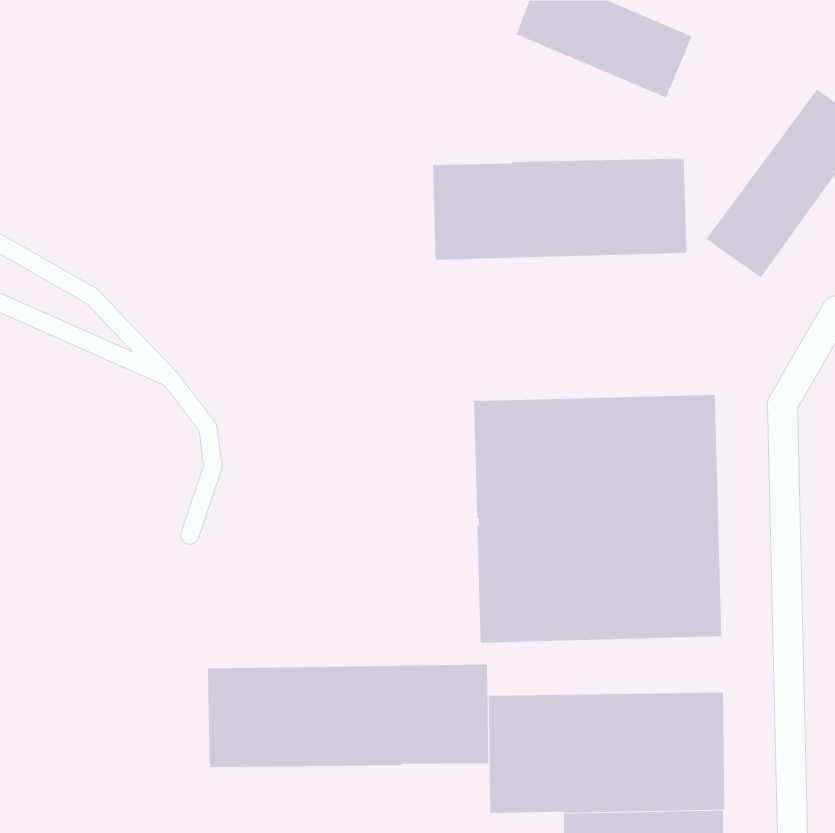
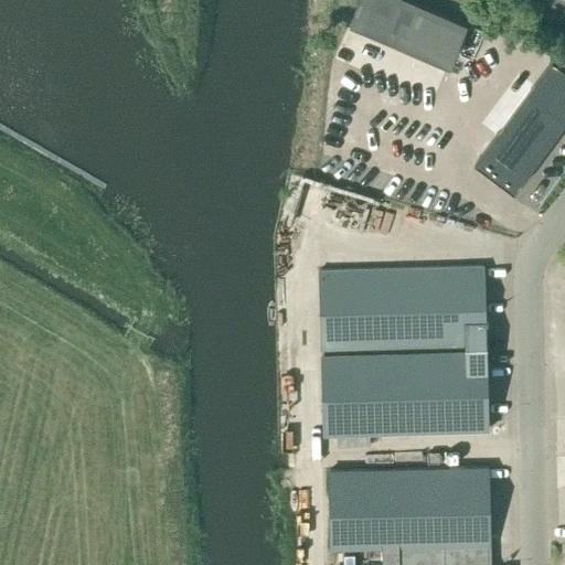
building: [432,158,687,260] -> none
building: [208,664,489,768] -> none

